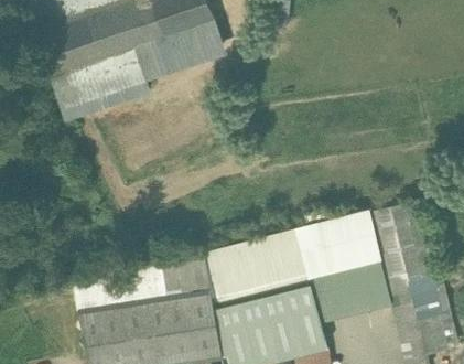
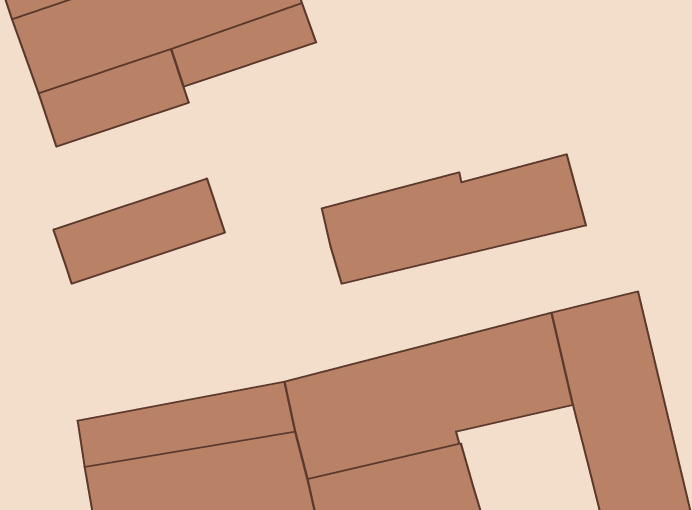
building: none -> [322,154,586,284]
building: none -> [54,178,225,284]
building: [311,272,392,324] -> none

